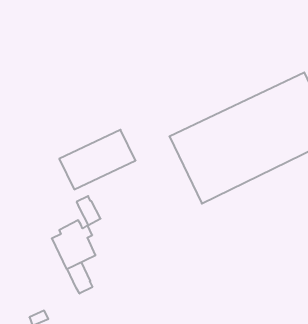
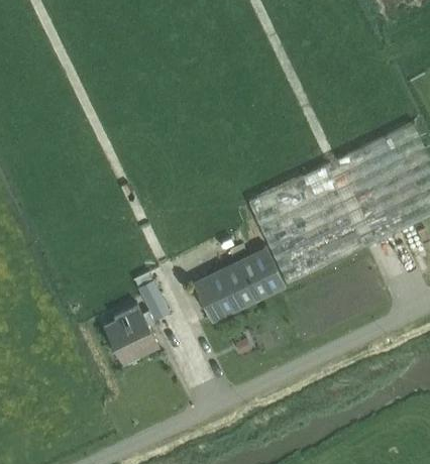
building: [59,130,136,189] -> [193,248,286,321]
building: [67,262,92,294] -> none

